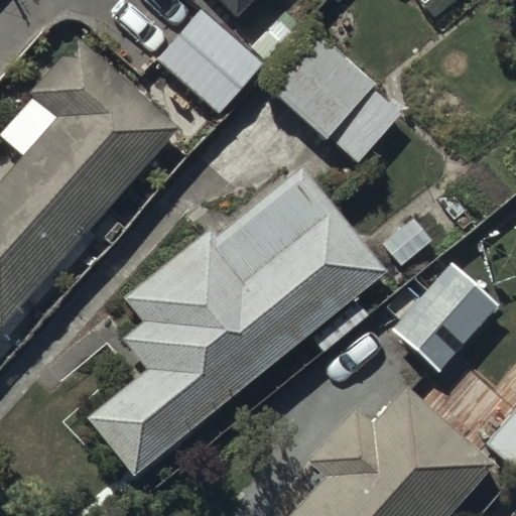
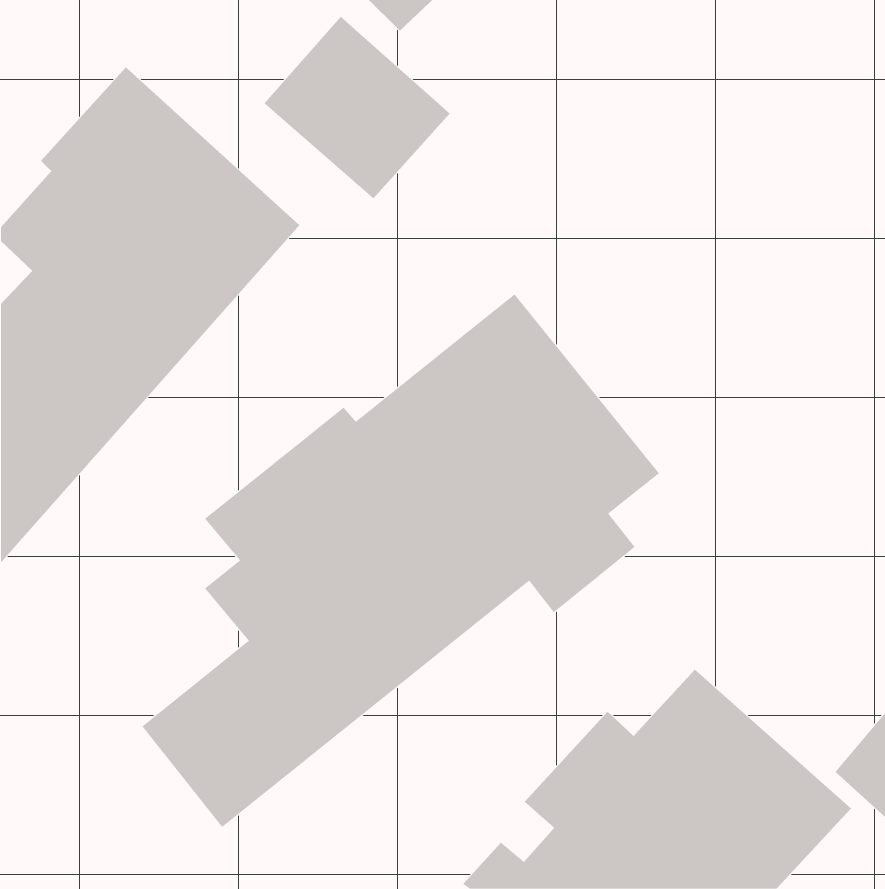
building: [262,28,406,163] -> none
building: [380,262,501,375] -> none

